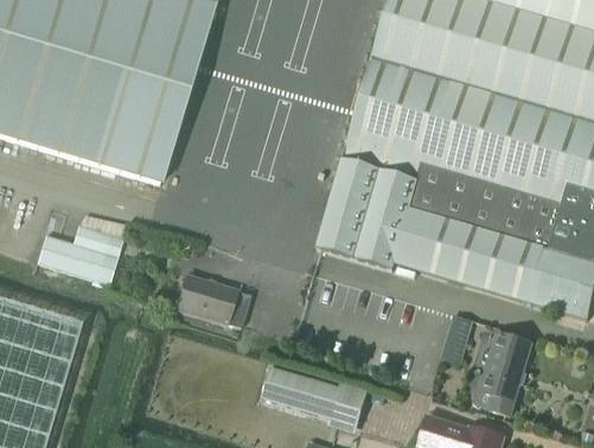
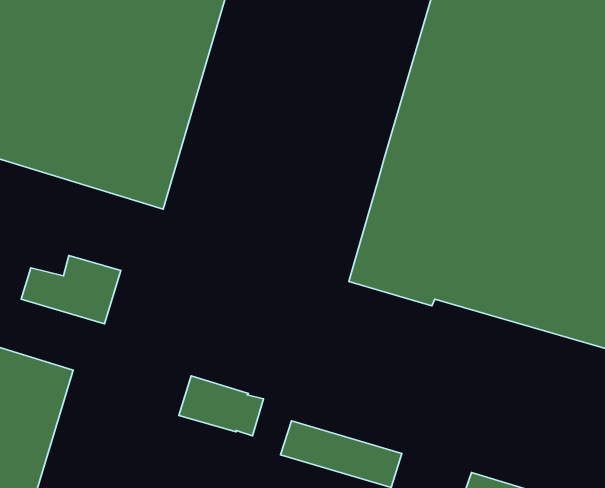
building: [177,275,250,327] -> [179,376,263,436]
building: [440,314,472,364] -> none
building: [480,332,531,416] -> none

